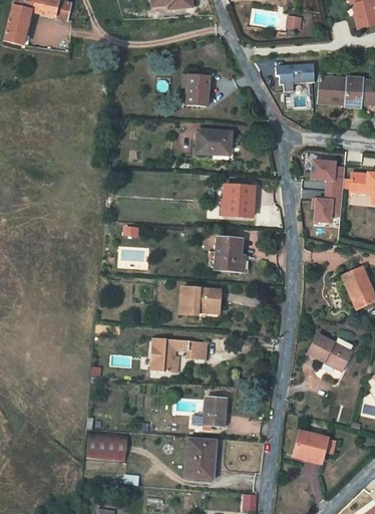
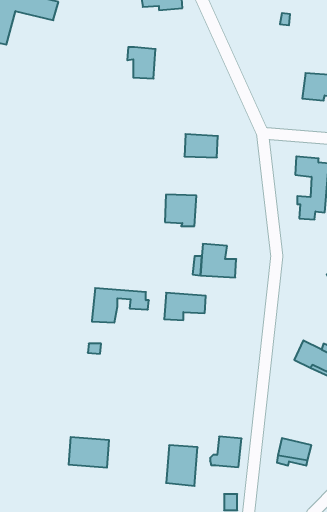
building: [275,62,314,88] -> none
building: [185,76,214,107] -> [127,47,156,79]
building: [227,189,258,220] -> [165,195,196,226]
building: [151,341,208,375] -> [92,288,149,323]
building: [194,400,225,430] -> [210,437,242,467]

